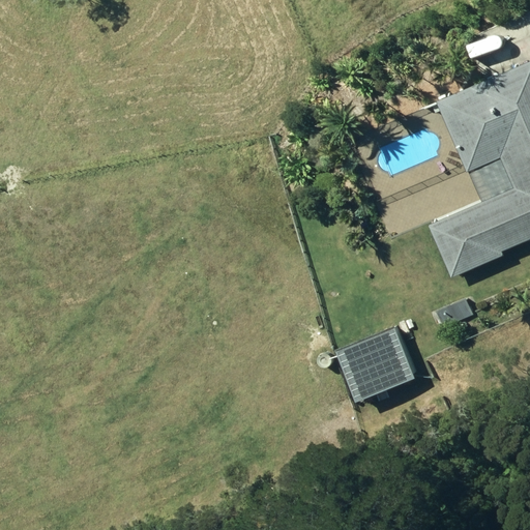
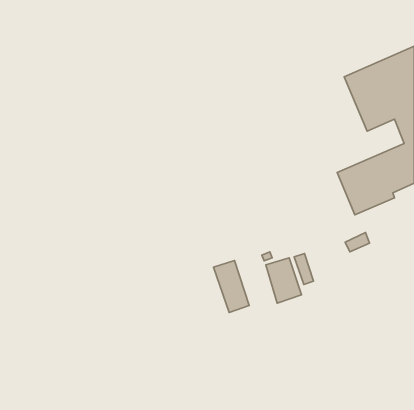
building: none -> [214,260,249,312]

